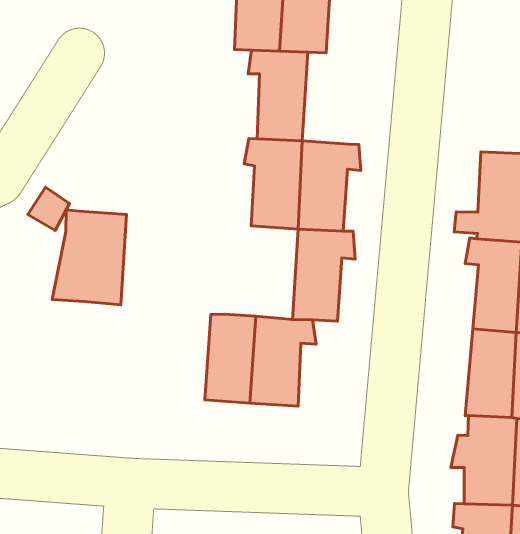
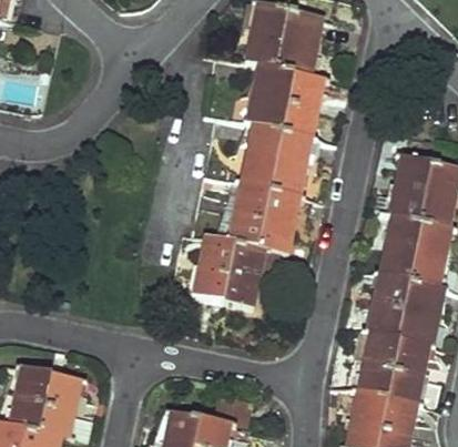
building: none -> [284,71,327,136]
building: [52,210,126,305] -> [215,180,273,248]

